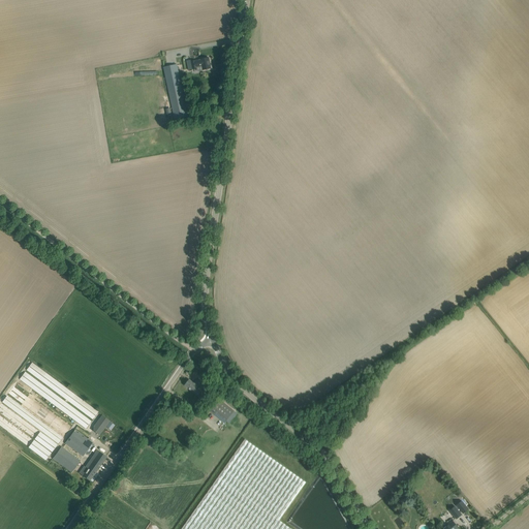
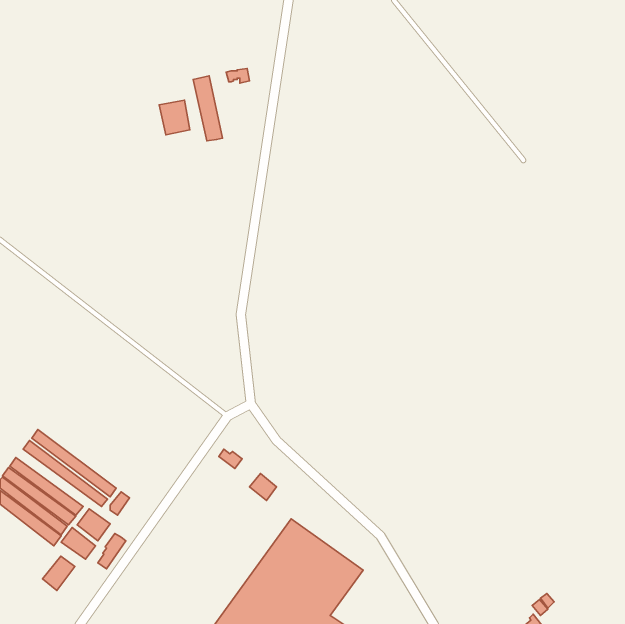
building: none -> [159,100,190,135]
building: none -> [43,556,75,590]

